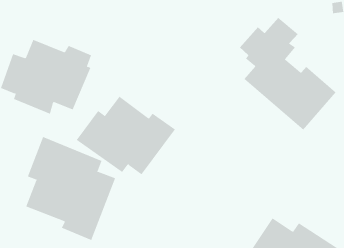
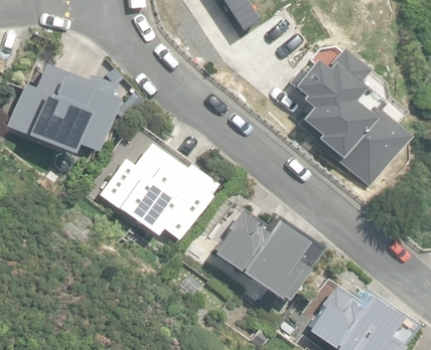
building: [26,136,116,241] -> none
building: none -> [211,204,324,301]

